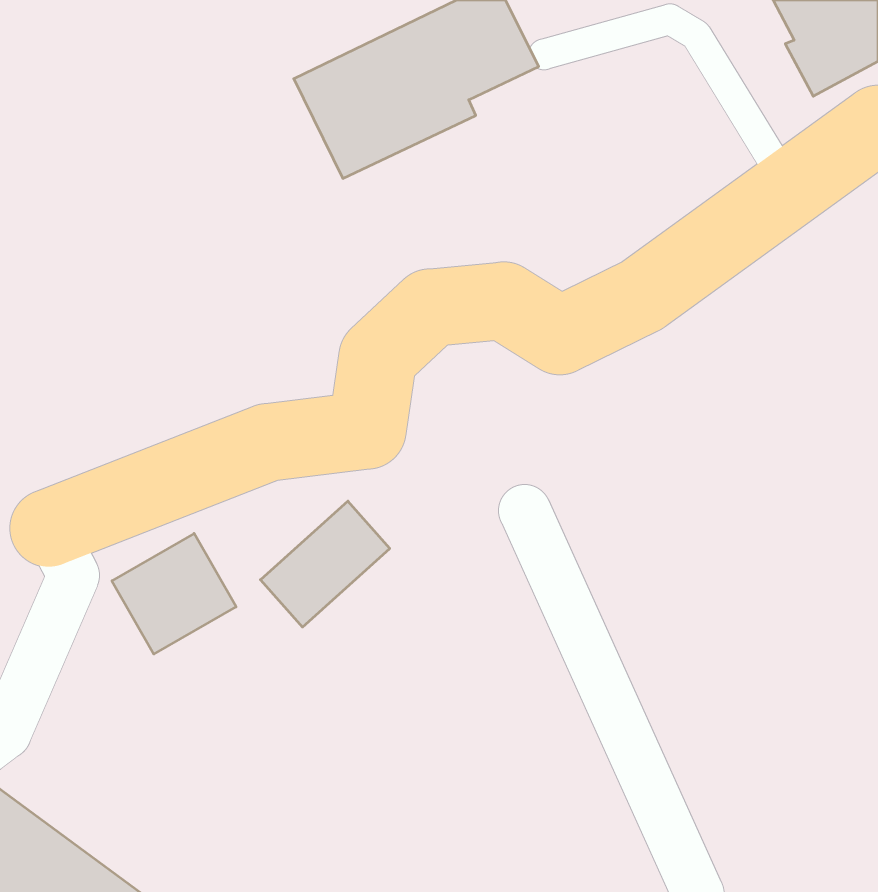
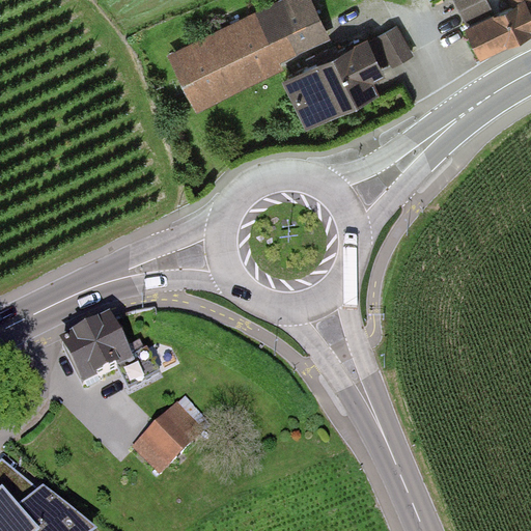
building: none -> [287,25,409,129]
building: [260,501,390,627] -> [130,403,206,478]

